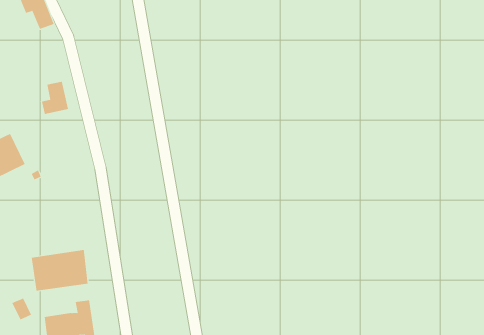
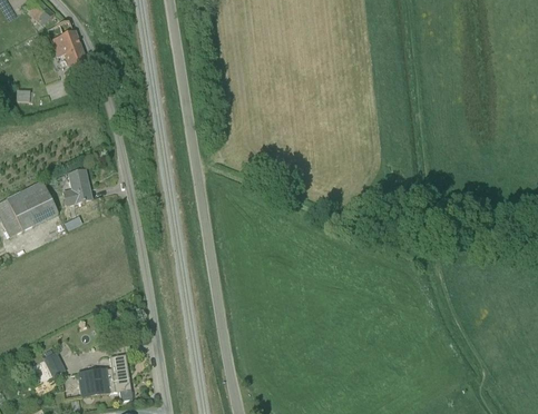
building: [41,81,69,114] -> [62,169,91,204]
building: [31,249,88,291] -> none

